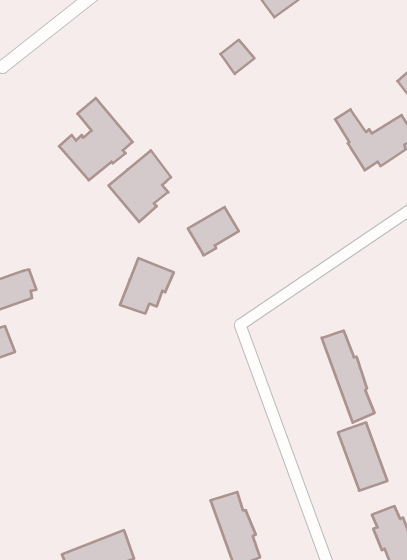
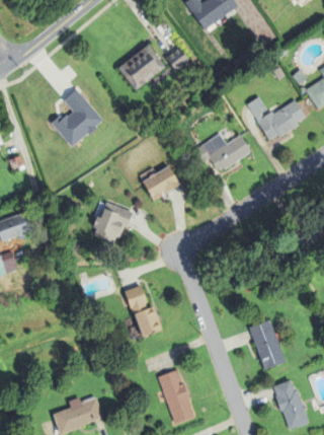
building: none -> [117,45,164,89]
building: [109,150,171,222] -> none
building: none -> [192,133,251,171]
building: [322,331,374,423] -> none
building: none -> [124,285,162,338]

